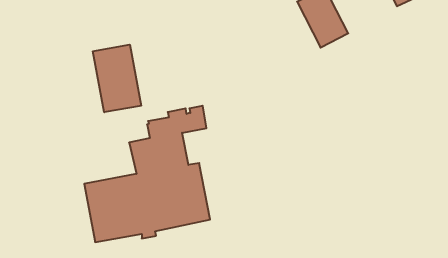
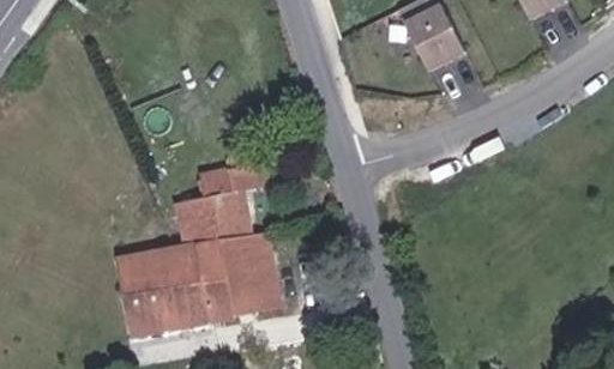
building: [93,45,141,112] -> none

